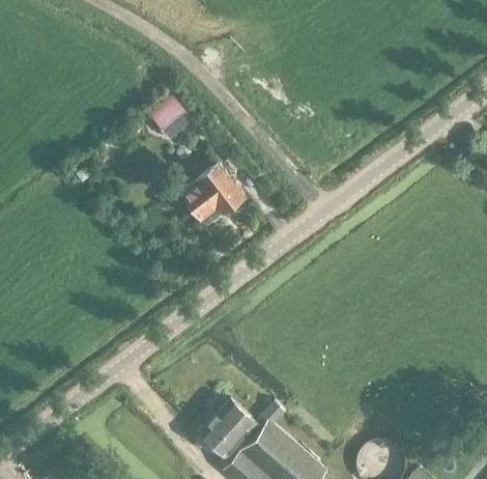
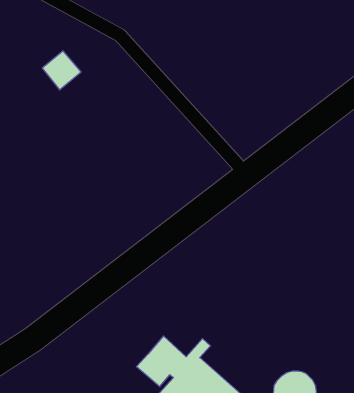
building: [149,94,194,139] -> [42,51,81,90]
building: [180,163,244,220] -> none

